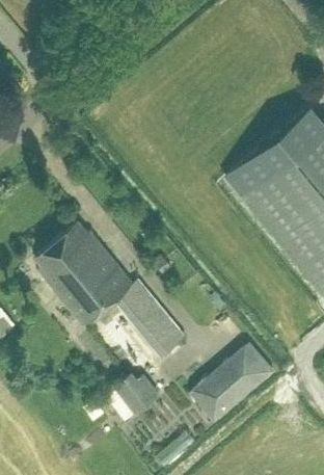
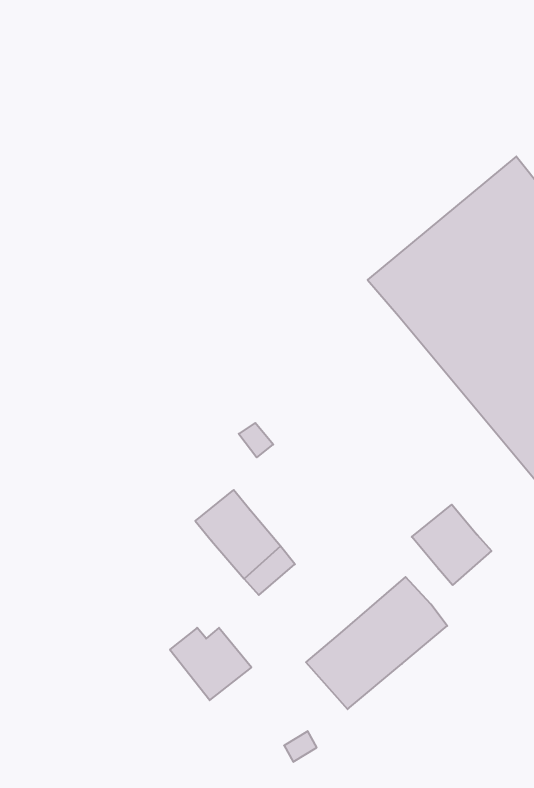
building: [37,222,132,325] -> none
building: none -> [412,505,491,585]

